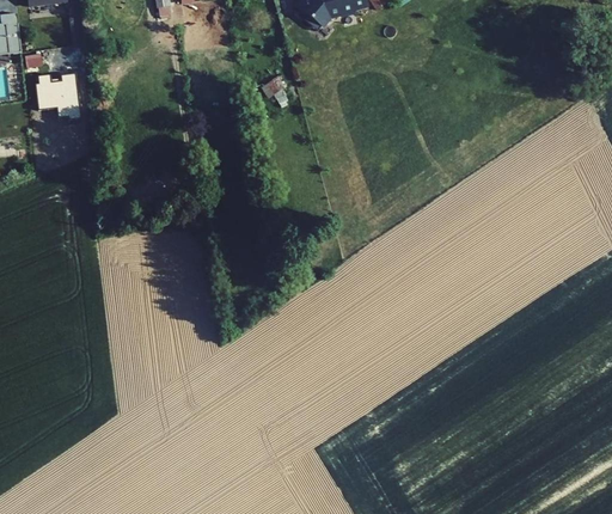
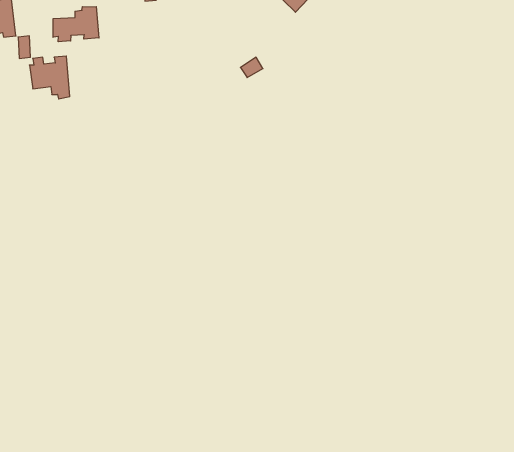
building: none -> [53,7,99,42]

